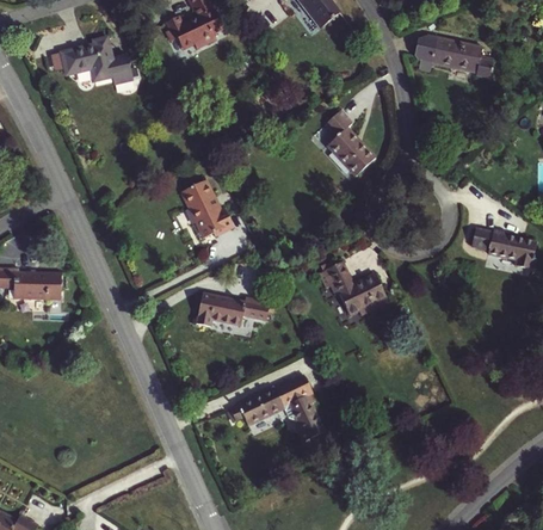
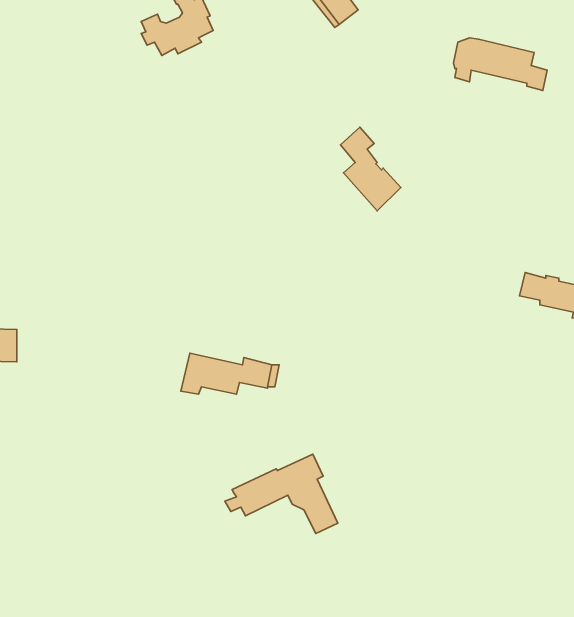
building: [60,36,131,82] -> none
building: [179,179,233,239] -> none
building: [319,260,388,315] -> none

